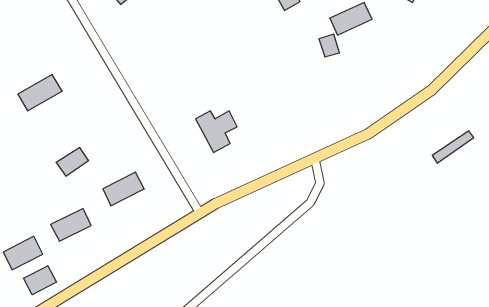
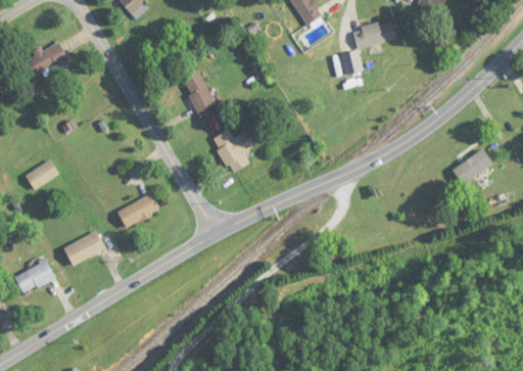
building: none -> [180,69,216,113]
building: [18,74,62,111] -> [21,41,67,79]
building: [56,148,89,176] -> [25,159,58,189]
building: [23,266,56,295] -> none

